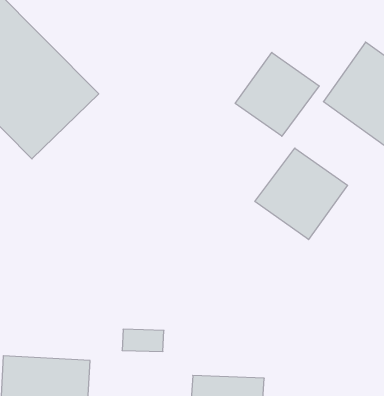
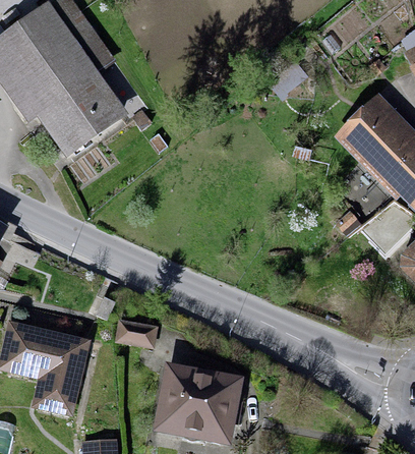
building: [235,52,319,136] -> none
building: [255,148,348,240] -> none

